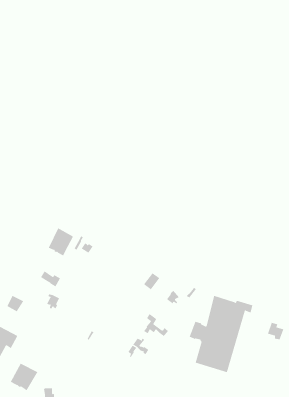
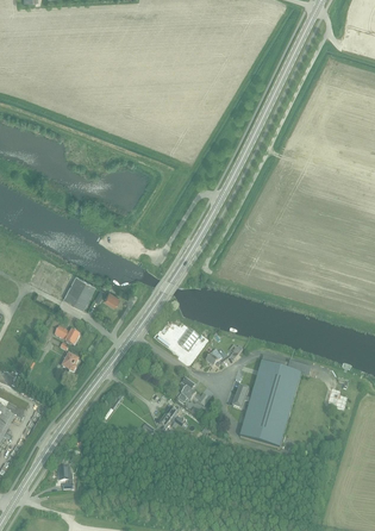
building: [10,363,38,392] -> none

